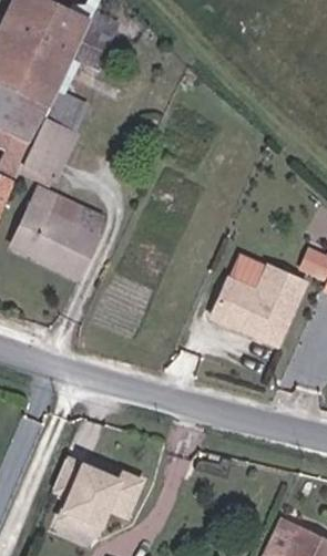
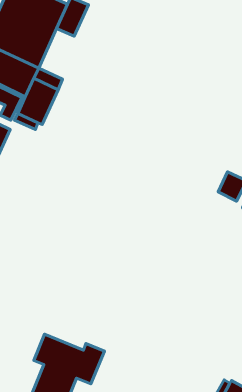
building: [13,187,103,277] -> none
building: [211,262,302,342] -> none

